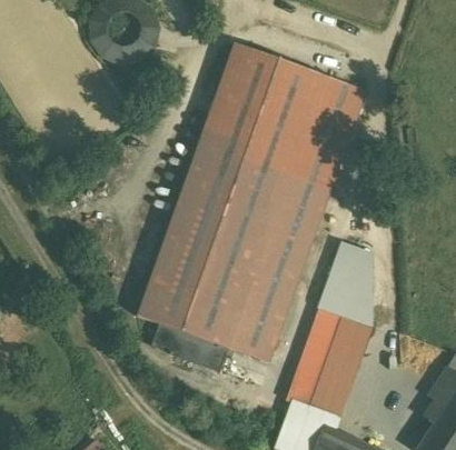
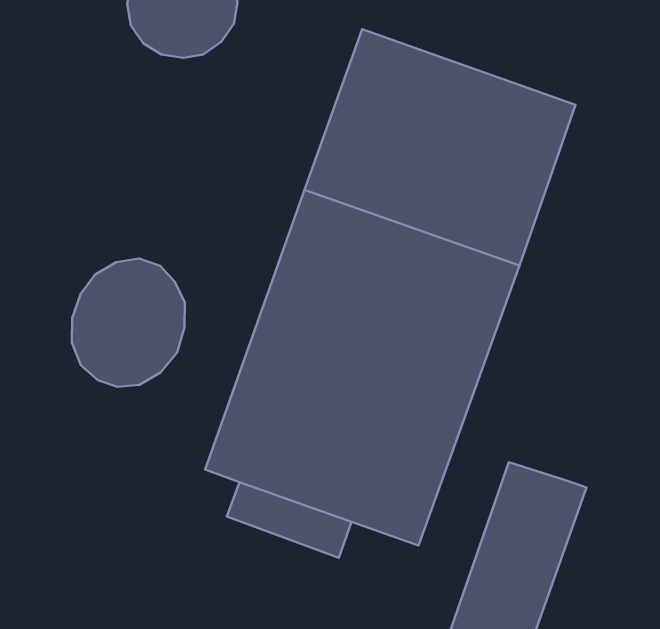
building: none -> [72,258,185,387]
building: [324,251,377,322] -> none

